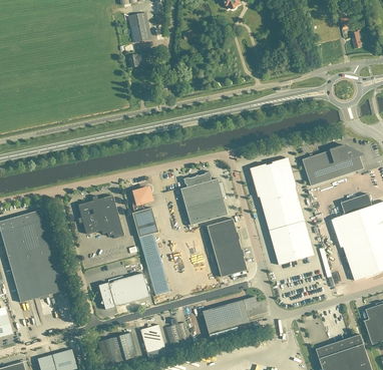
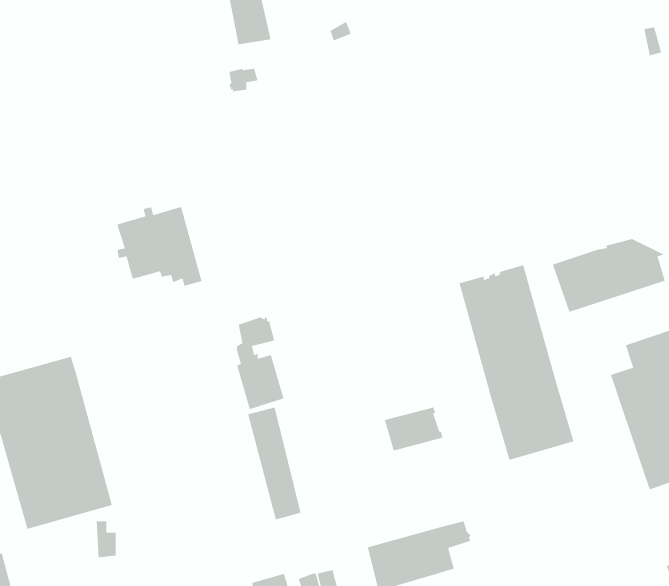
building: [180,171,228,226] -> none
building: [78,196,124,239] -> [116,207,202,287]
building: [207,219,239,243] -> none
building: [217,253,248,277] -> none
building: [98,273,149,310] -> none

